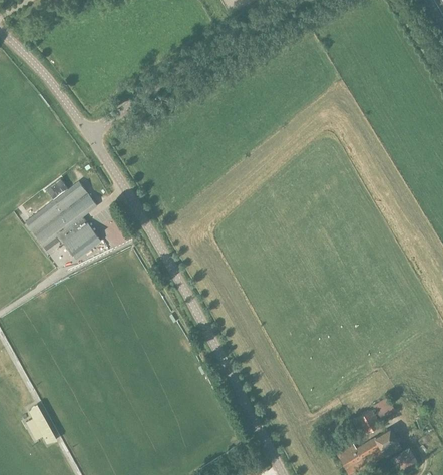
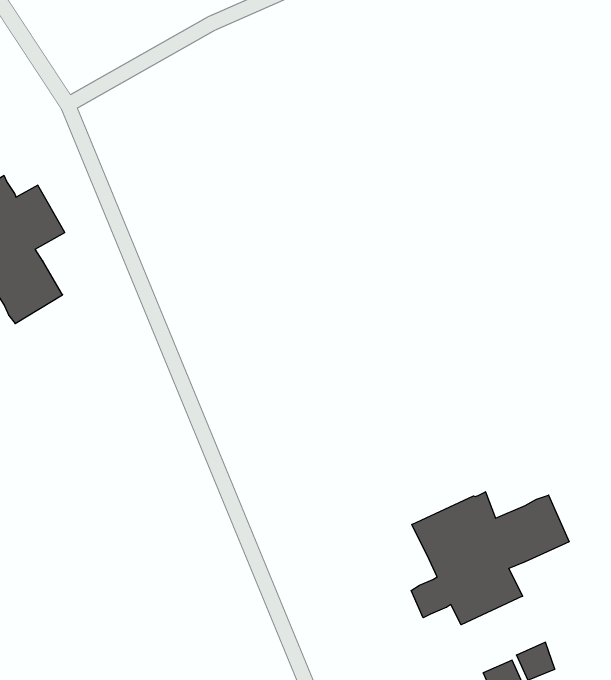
building: none -> [411,492,569,625]

